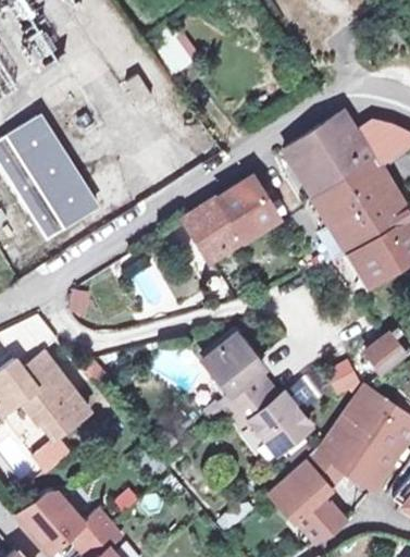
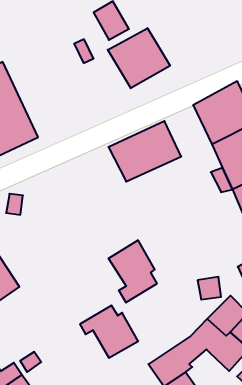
building: none -> [108,28,170,88]
building: [235,385,312,453] -> [80,305,138,358]

